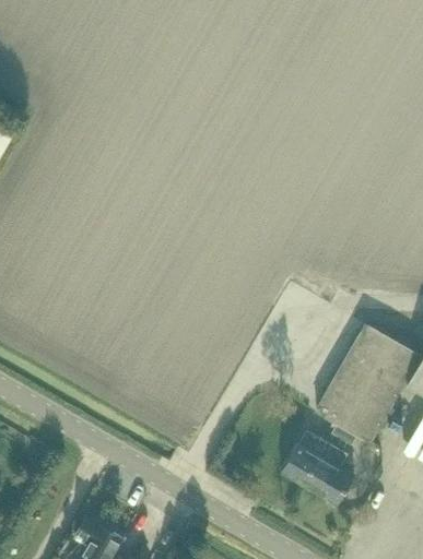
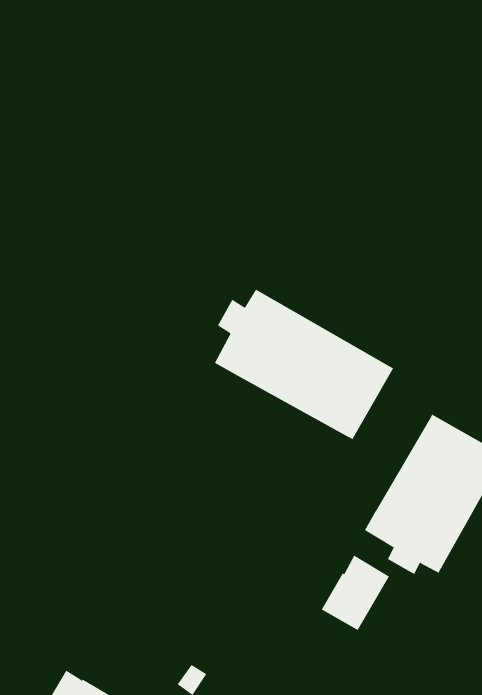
building: none -> [214,289,394,440]
building: [310,447,356,506] -> none

